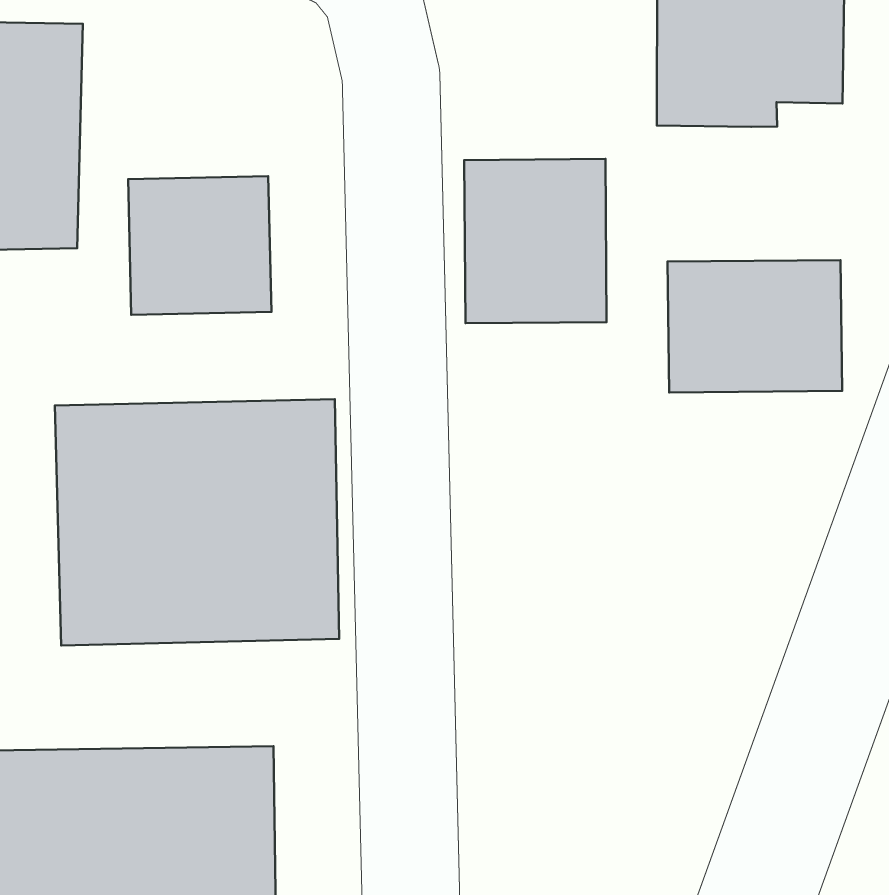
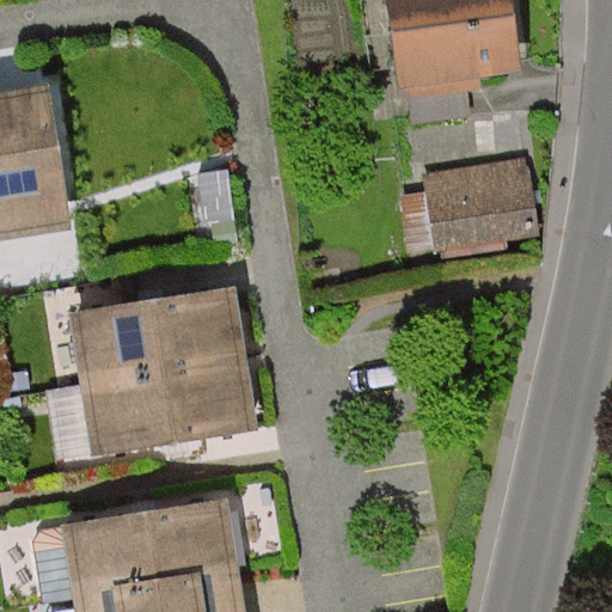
building: [464,159,607,323] -> none
building: [128,176,271,315] -> none

